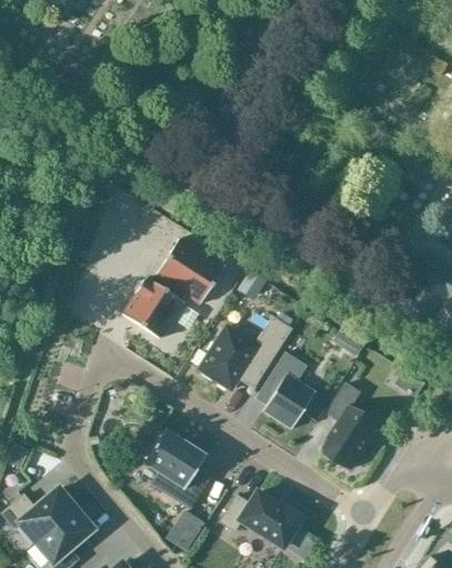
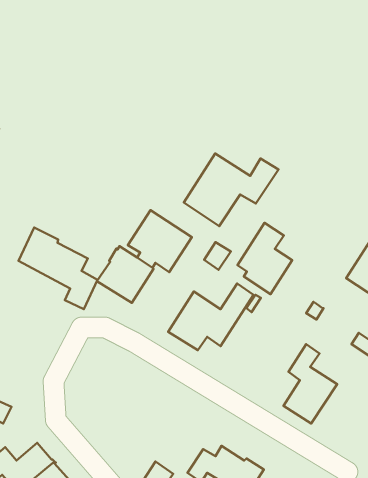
building: none -> [184,153,279,226]
building: none -> [19,228,98,309]
building: [257,352,315,428] -> [238,223,292,294]
building: [144,428,209,508] -> none

